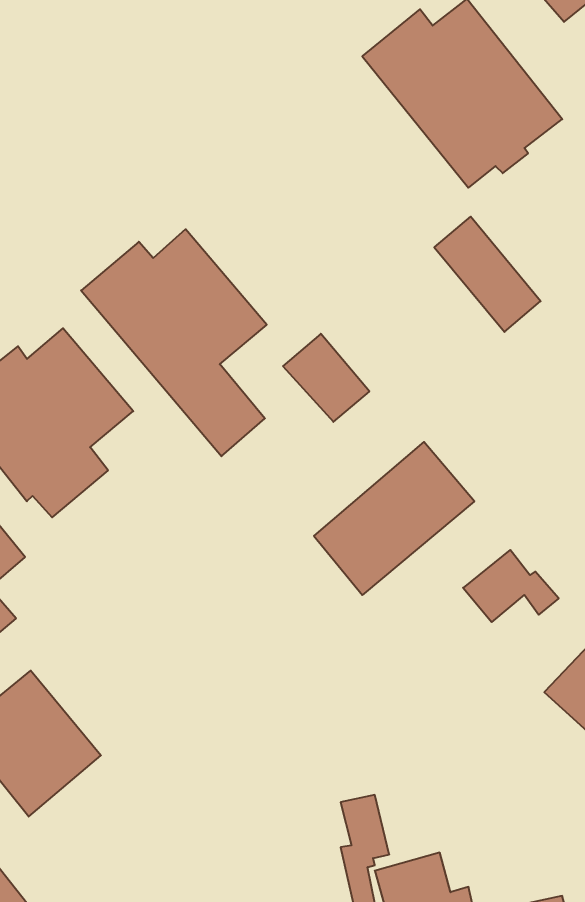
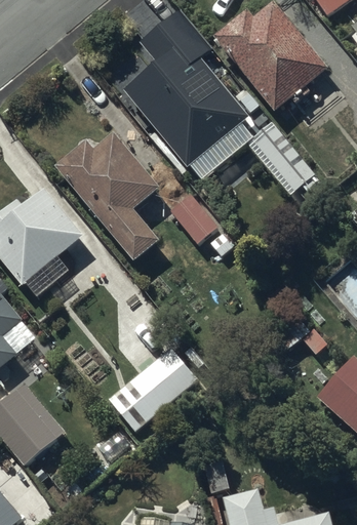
building: none -> [124,9,253,180]
building: [314,442,474,595] -> [107,344,198,431]

